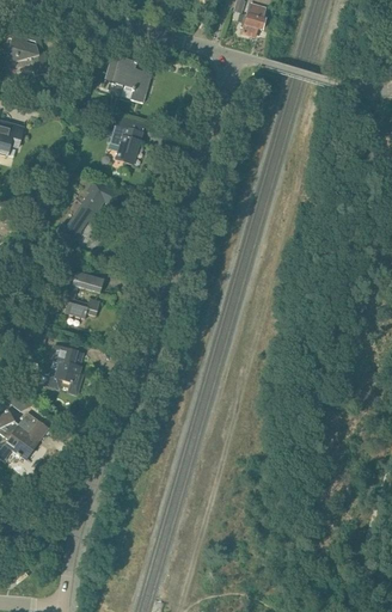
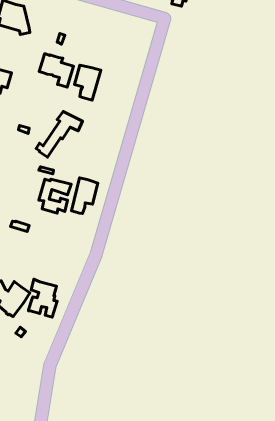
building: [104,56,151,102] -> [39,54,73,87]
building: none -> [71,178,98,214]
building: [44,343,84,394] -> [28,279,57,317]

